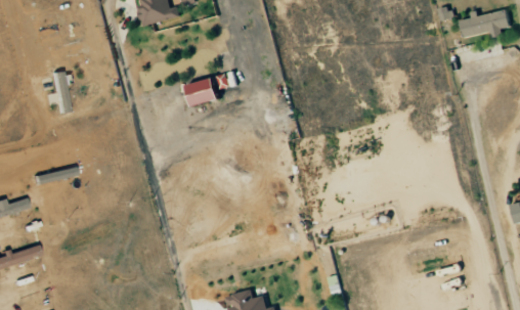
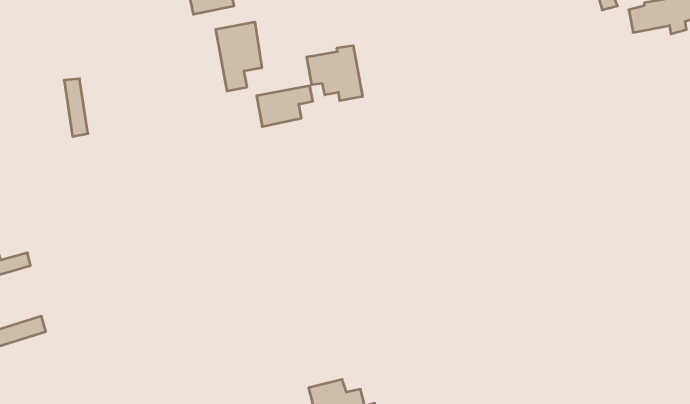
building: none -> [216,22,262,91]
building: none -> [307,46,362,101]

